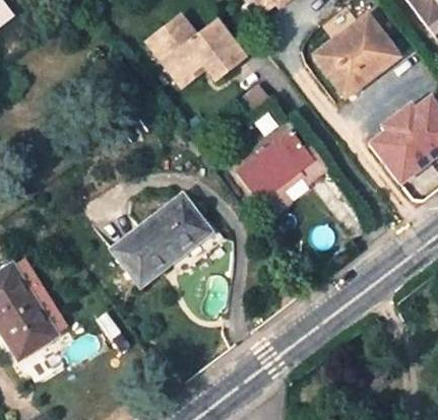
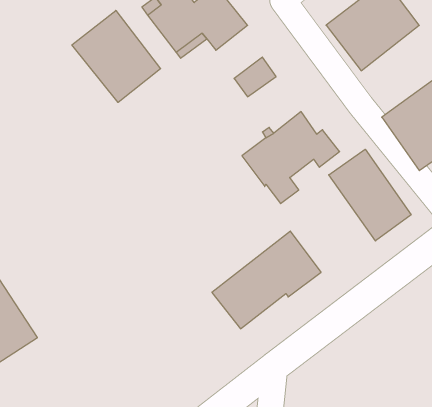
building: none -> [72,10,161,102]
building: none -> [329,149,411,241]
building: [113,194,210,281] -> [212,231,321,329]

